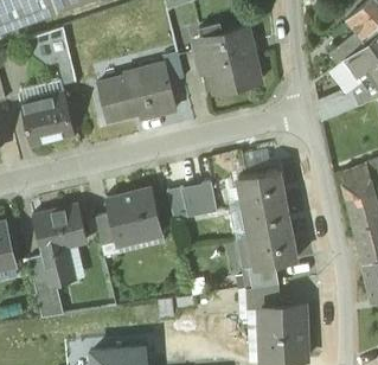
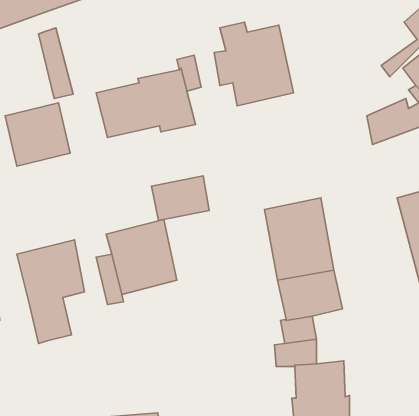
building: [168,182,216,219] -> [151,176,209,221]
building: [28,257,63,319] -> none

